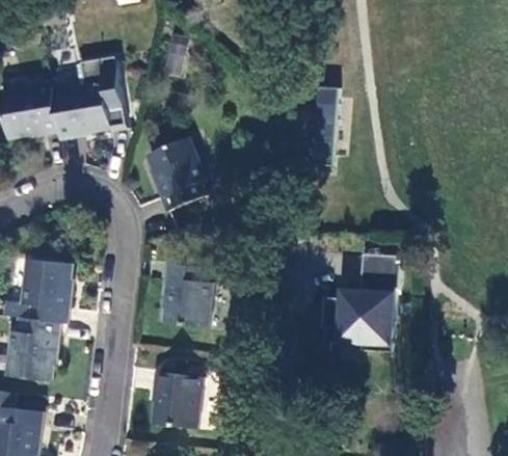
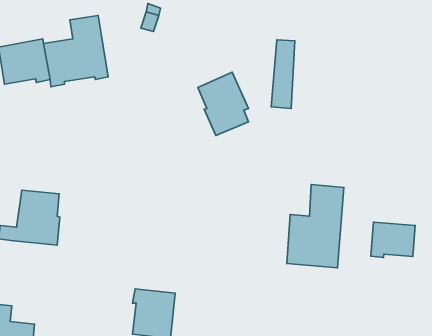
building: [149,137,207,210] -> [198,72,248,136]
building: [165,264,214,329] -> none
building: none -> [371,222,415,257]
building: [8,317,61,381] -> none

